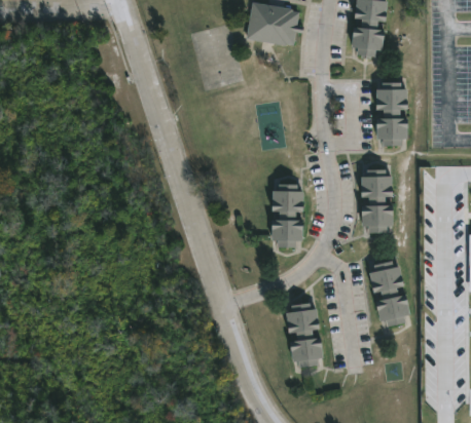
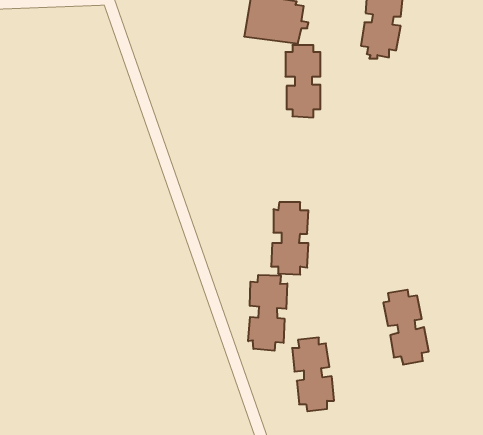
building: [375,82,406,146] -> [285,45,320,117]
building: [361,170,393,233] -> none
building: none -> [248,275,287,351]

